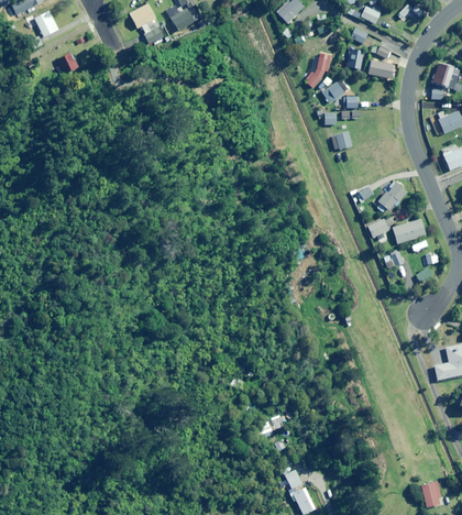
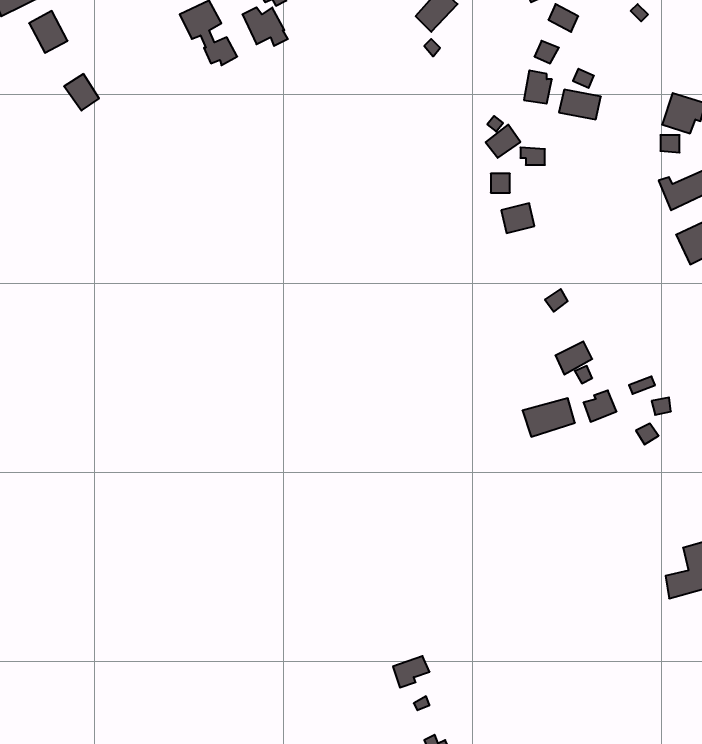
building: [301,54,327,87] -> none
building: [373,182,407,211] -> none
building: [392,219,425,243] -> [522,398,575,437]

